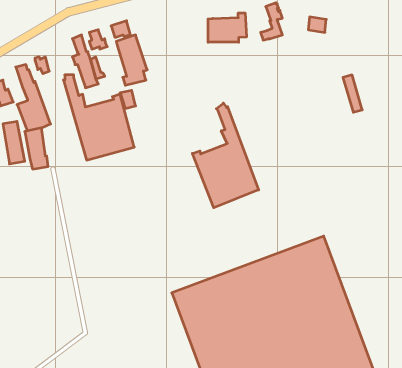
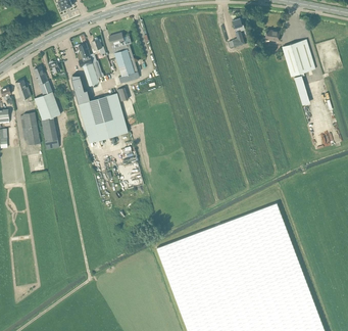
building: [208,13,246,42] -> none
building: none -> [282,39,315,76]
building: [192,103,259,208] -> none

